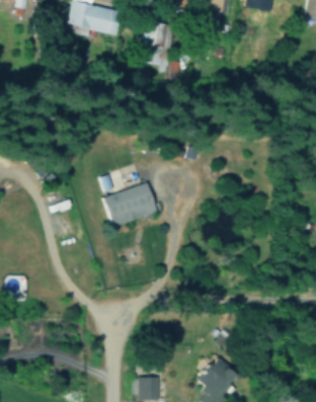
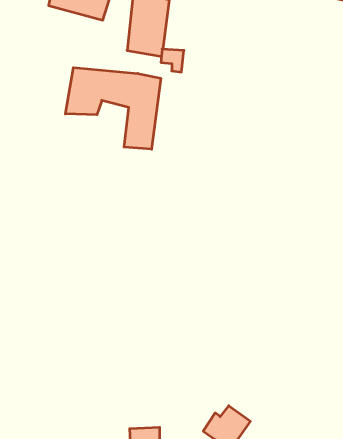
building: none -> [65,68,161,149]
building: [103,183,158,228] -> none

